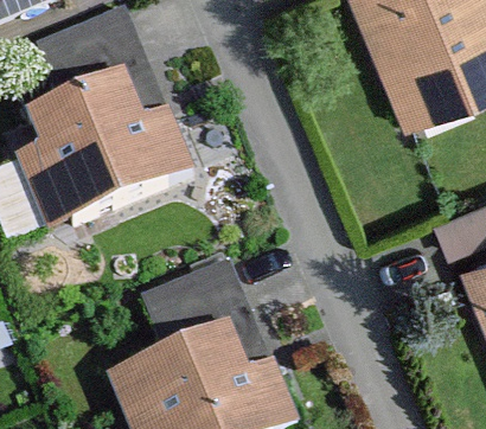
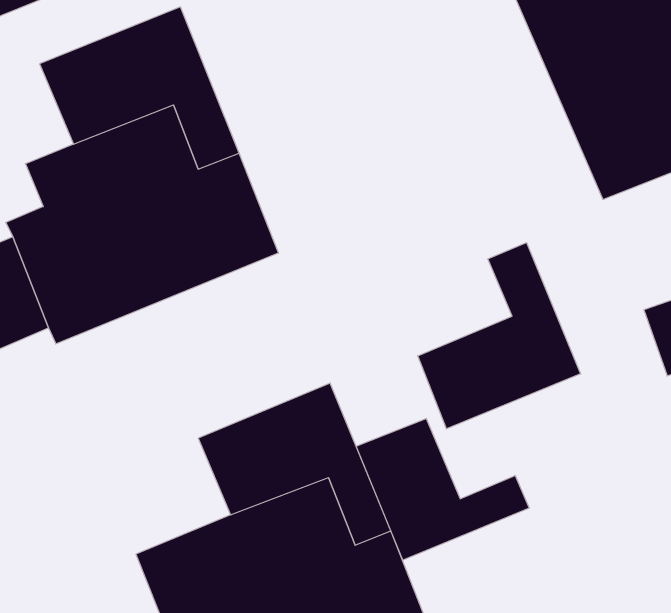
building: none -> [418,243,581,429]
building: none -> [356,418,529,560]

